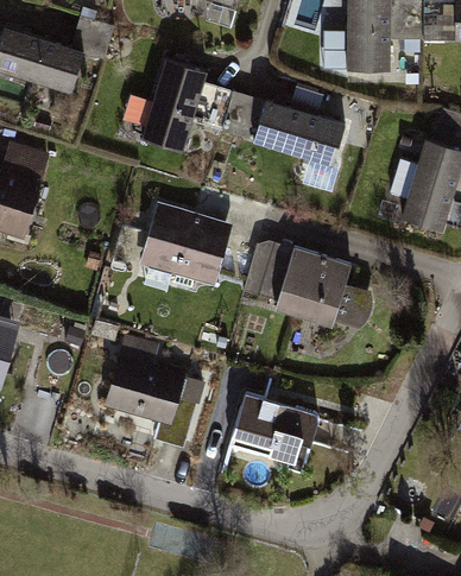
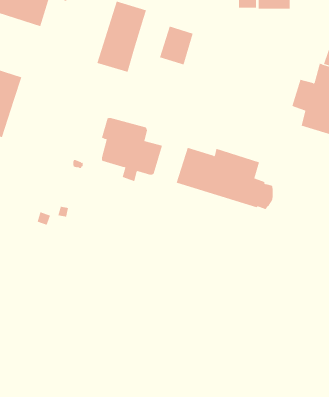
building: [191,82,235,132] -> none
building: [254,101,346,165] -> none
building: [107,337,203,442] -> none
building: [232,393,320,464] -> none

